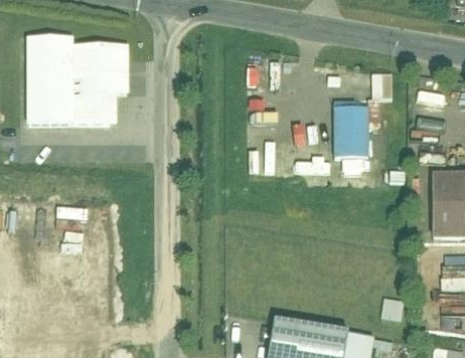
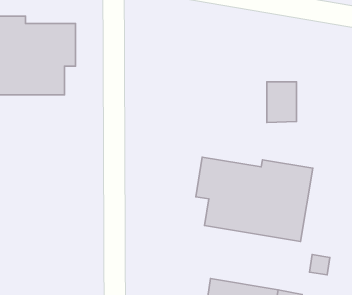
building: none -> [196,157,313,241]

